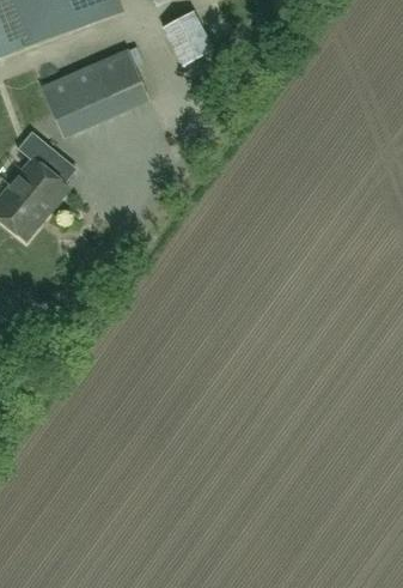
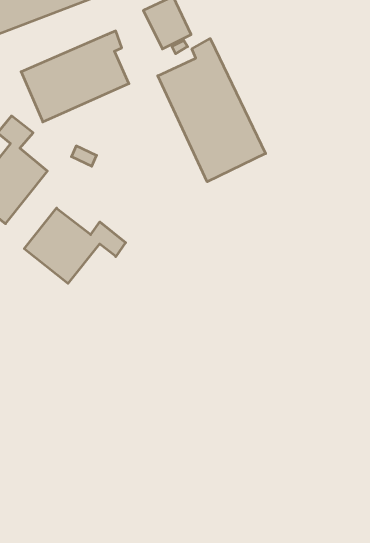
building: none -> [158,39,266,182]
building: none -> [24,208,126,283]

